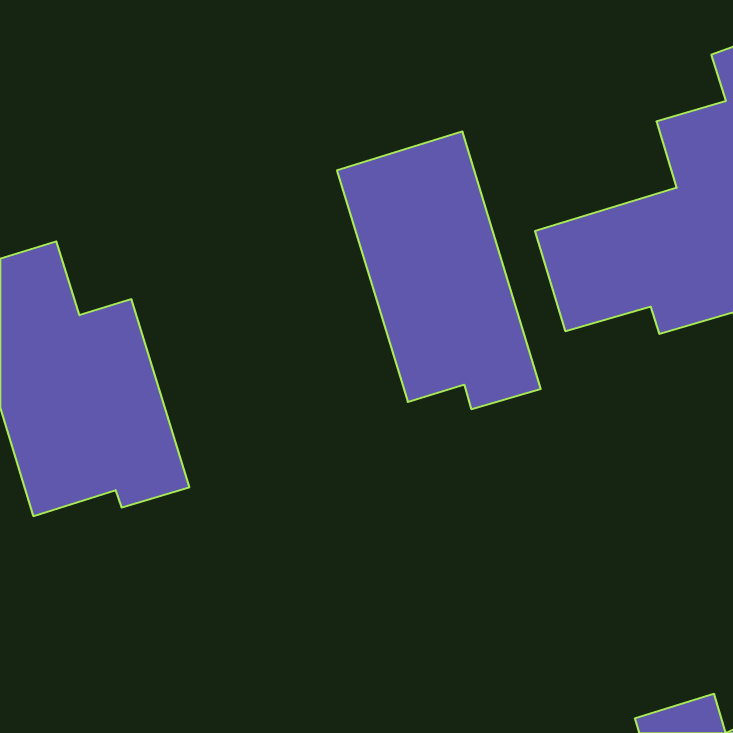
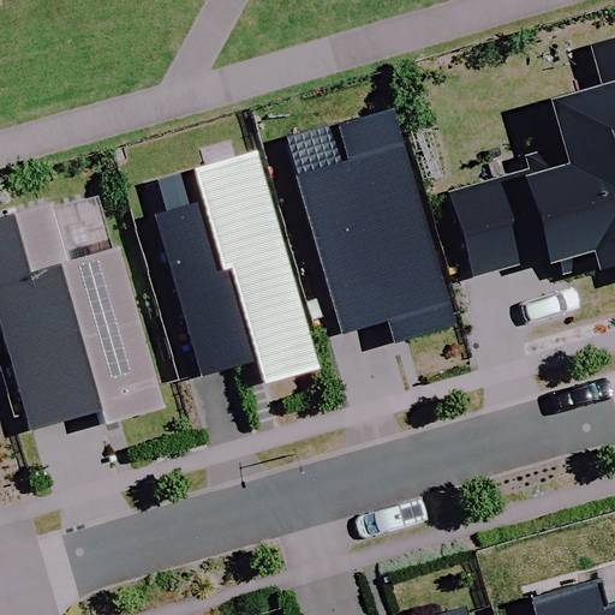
building: none -> [156,151,318,381]

